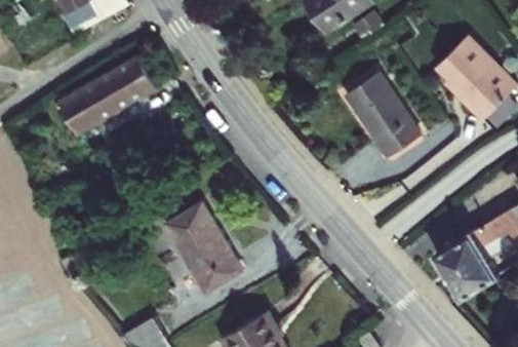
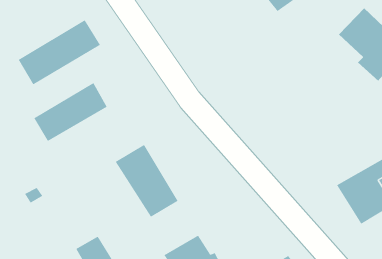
building: [341,80,415,163] -> none
building: none -> [33,82,107,142]

